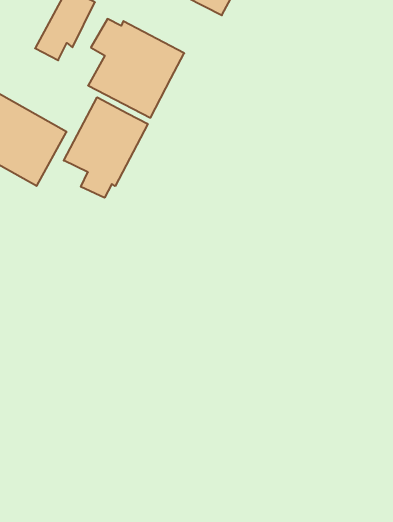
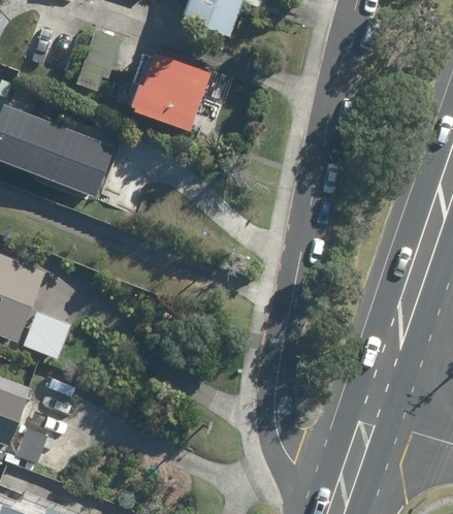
building: [64,97,148,198] -> none

